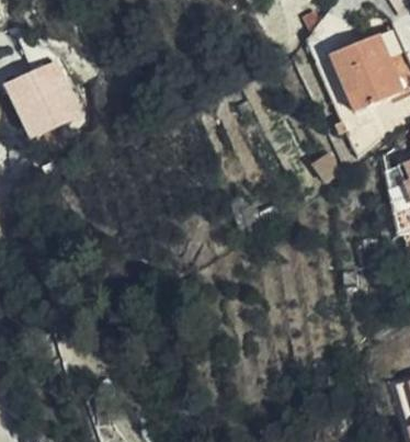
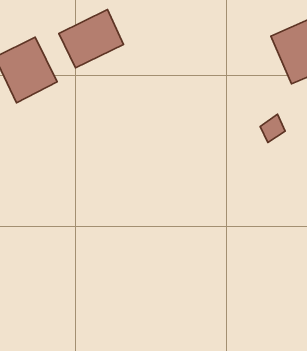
building: none -> [59,9,124,68]

